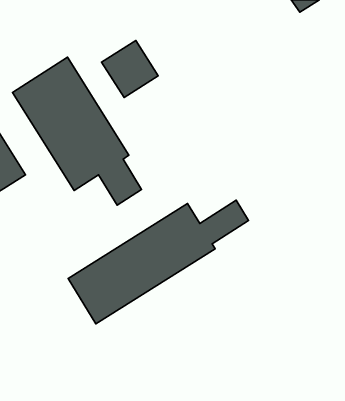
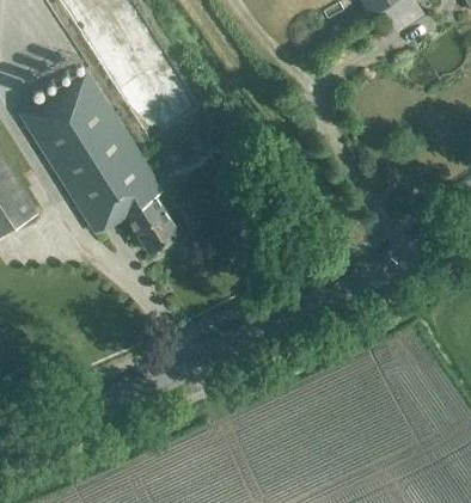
building: [68,200,249,324] -> none

